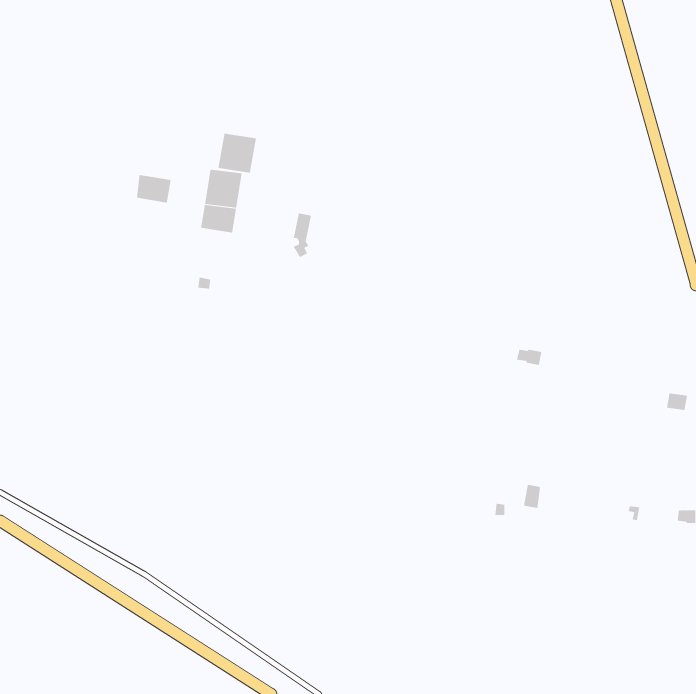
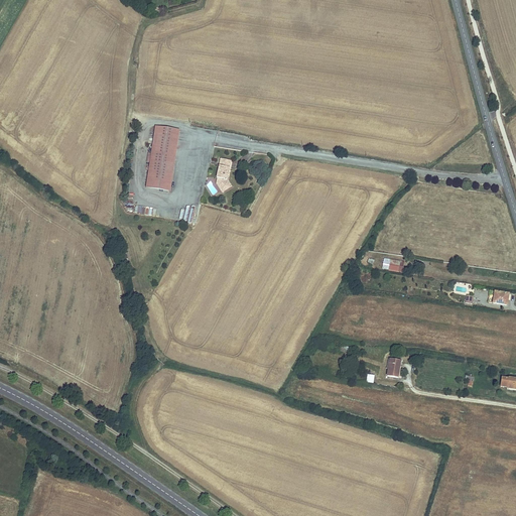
building: [218,133,256,174] -> none
building: [136,175,172,203] -> [146,168,172,189]

